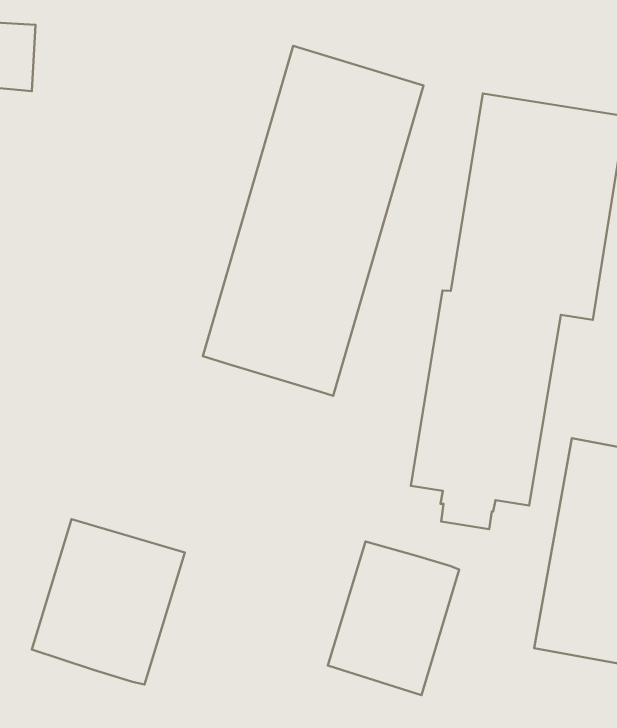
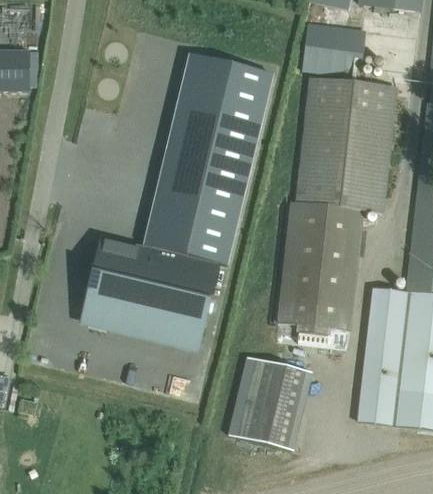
building: none -> [302,23,365,79]
building: none -> [82,239,218,344]
building: [32,519,185,684] -> none

